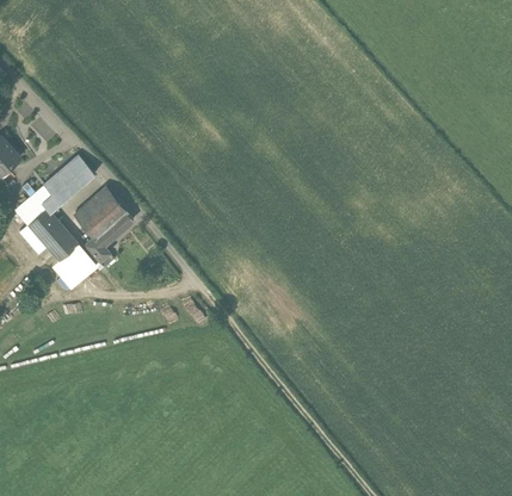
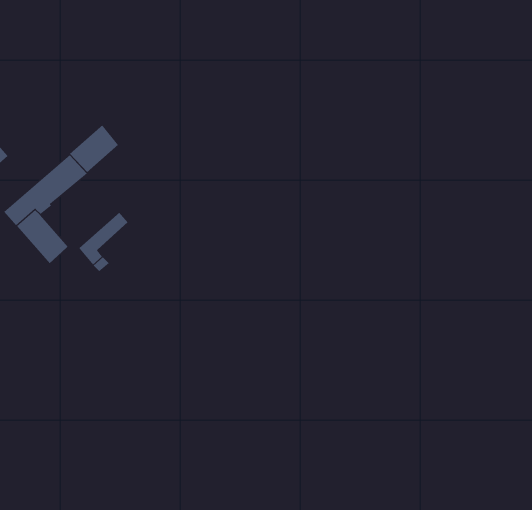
building: [78,191,124,236] -> [69,124,119,173]
building: [58,243,92,279] -> none

